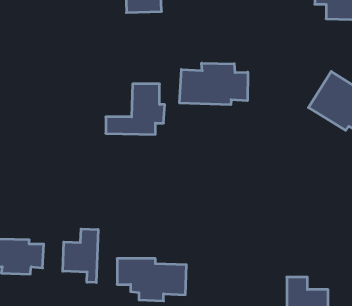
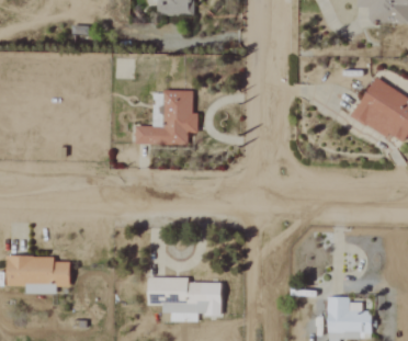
building: [180,63,248,105] -> none
building: [63,229,98,283] -> none

